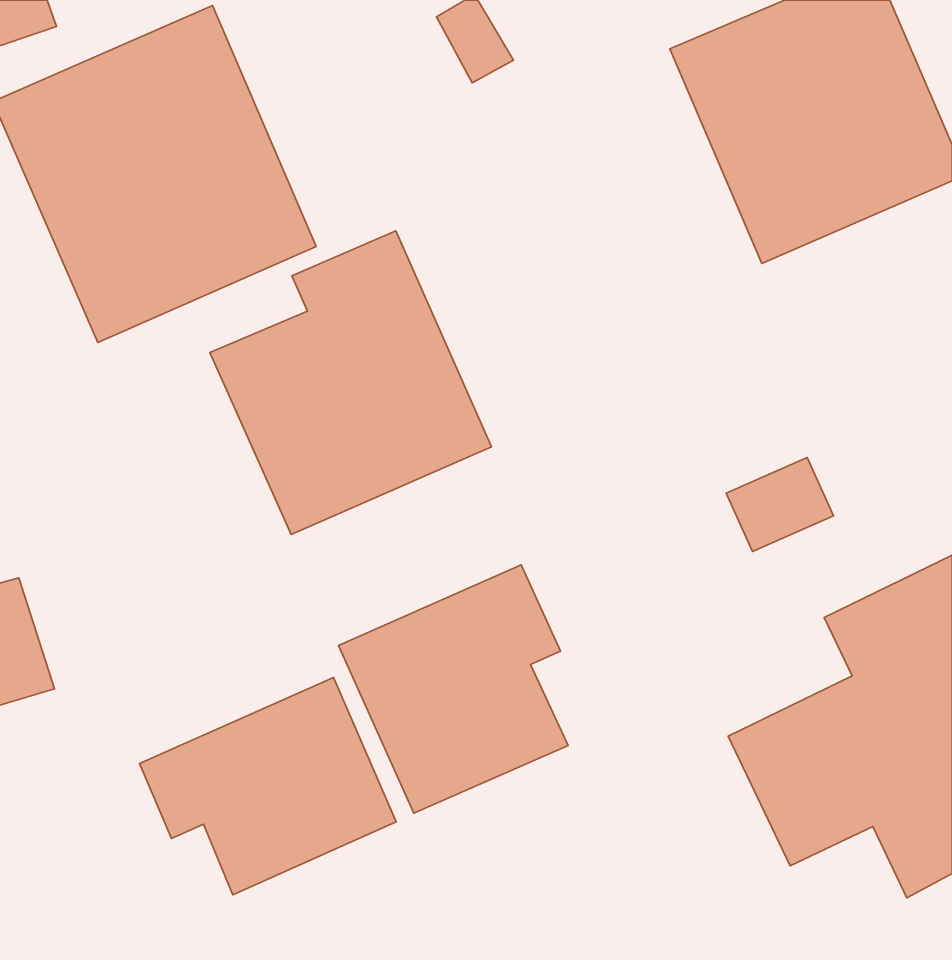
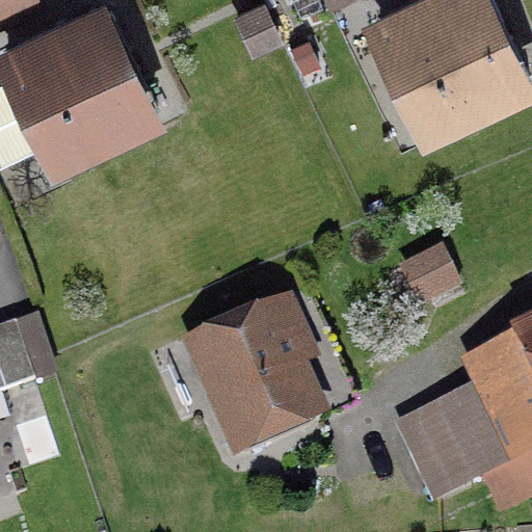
building: [210,231,491,534] -> none
building: [140,678,396,895] -> none

